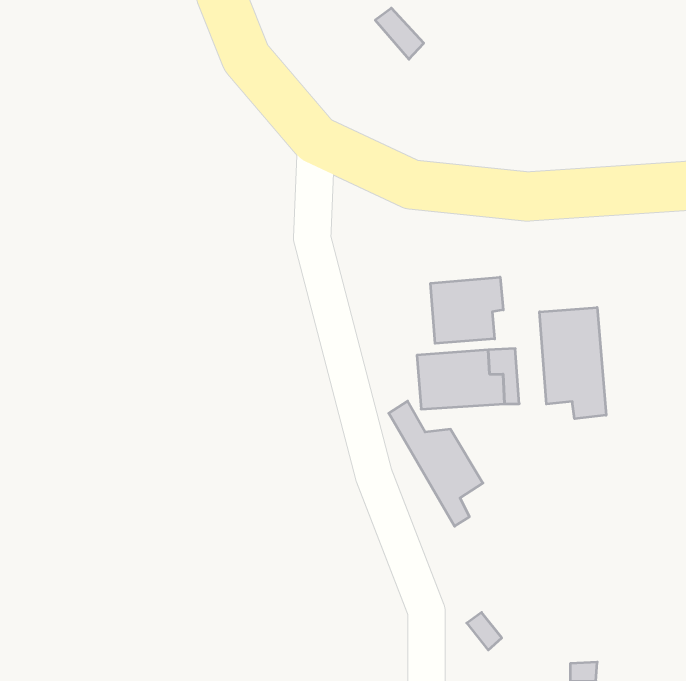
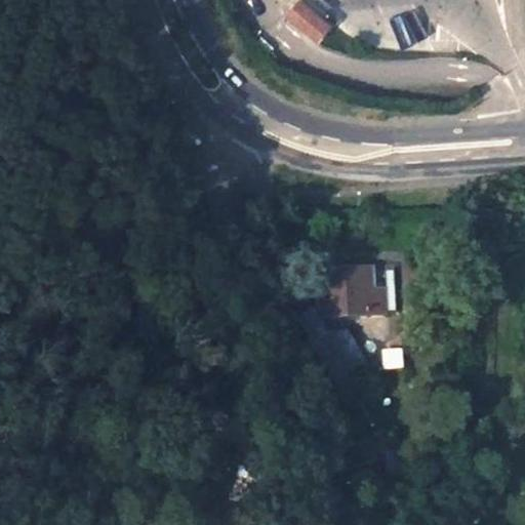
building: [431,277,503,343] -> none
building: [540,307,606,419] -> none

